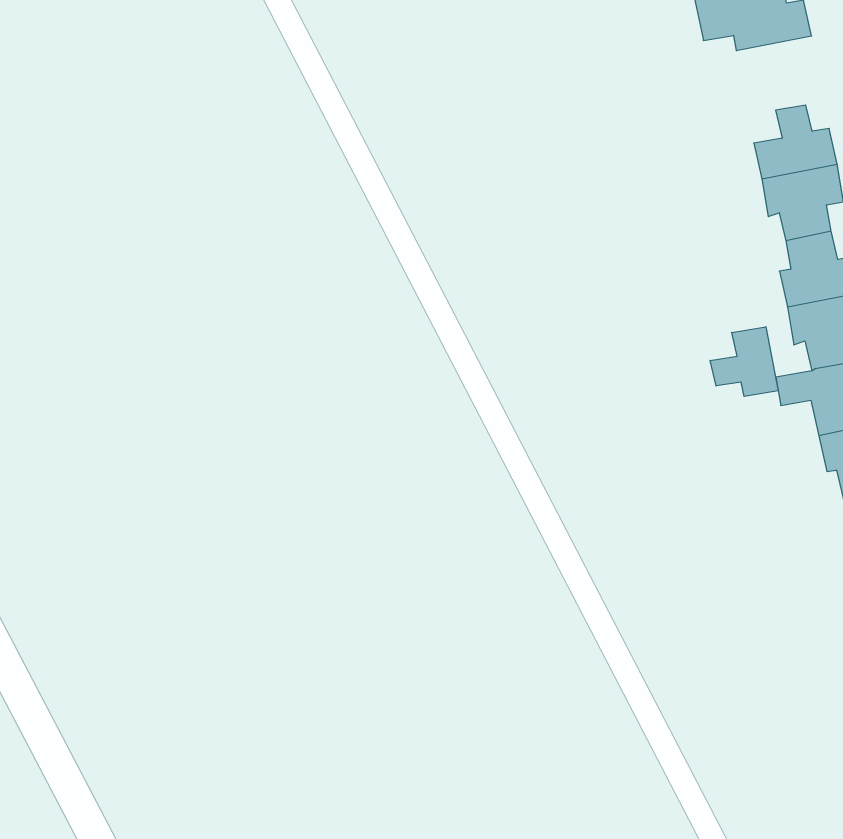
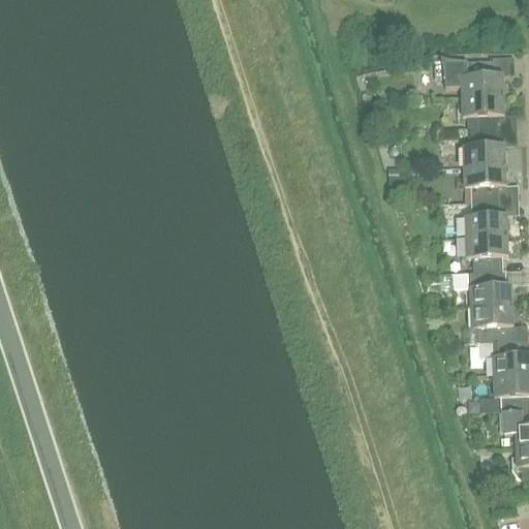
building: none -> [462,92,503,128]
building: [710,327,778,396] -> none

